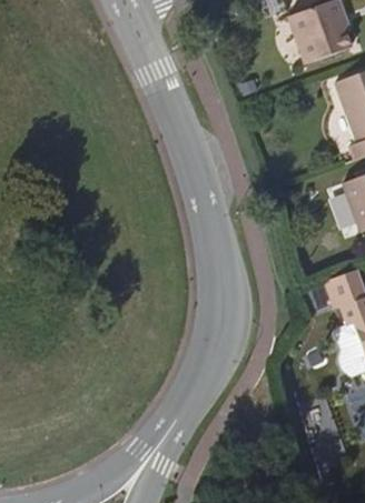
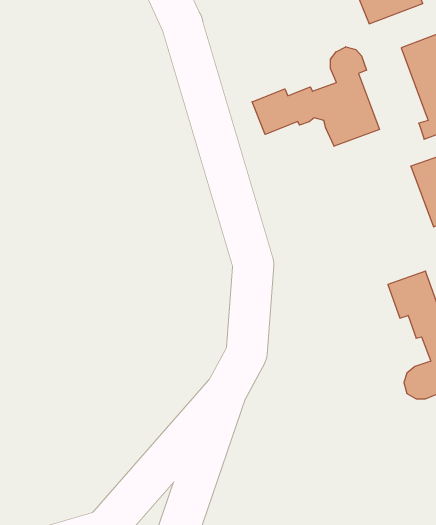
building: none -> [252,47,379,146]

